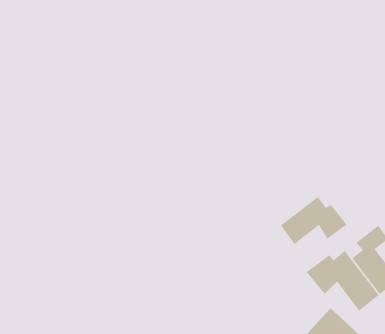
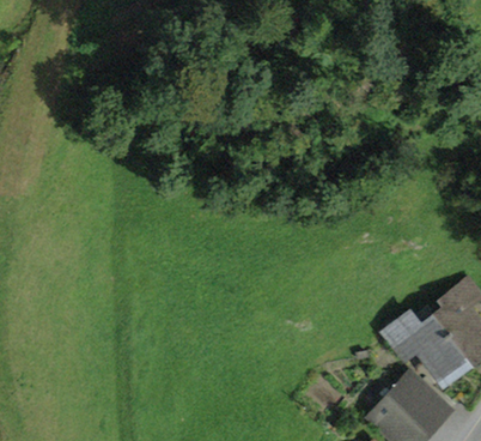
building: [280,196,347,245] -> none

